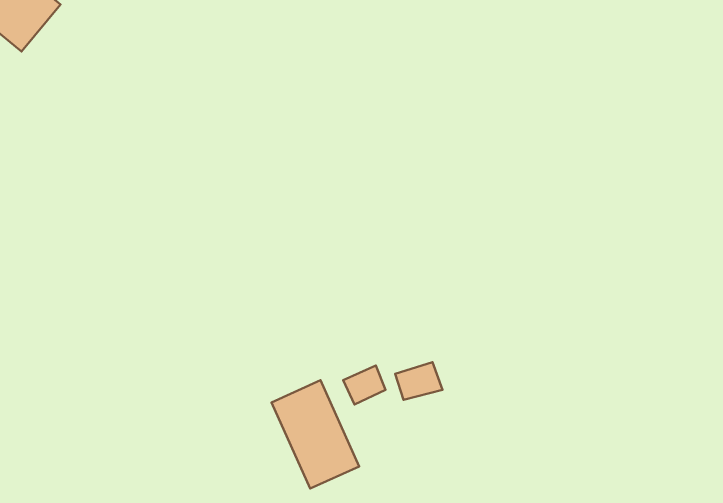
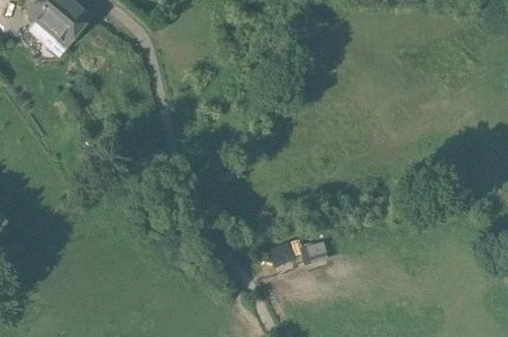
building: [271,380,359,489] -> none

